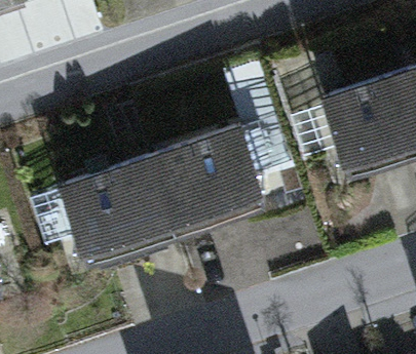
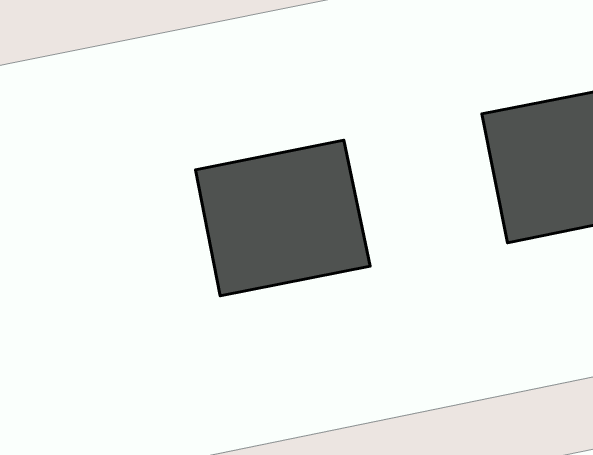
building: [58,159,173,265] -> none

